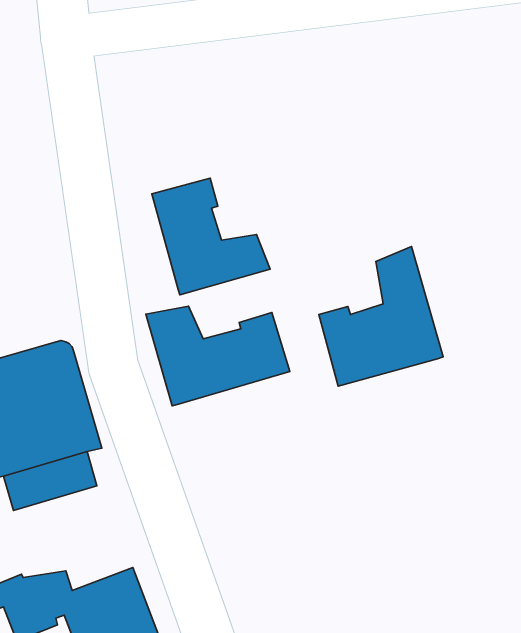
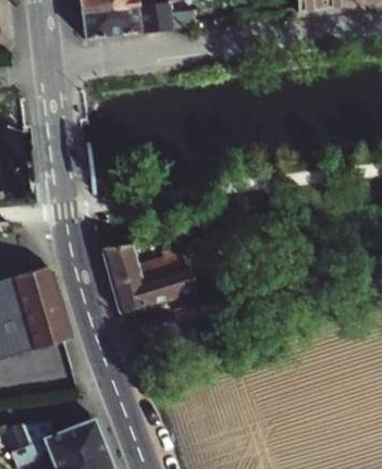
building: [152,178,270,295] -> none
building: [319,246,443,386] -> none

